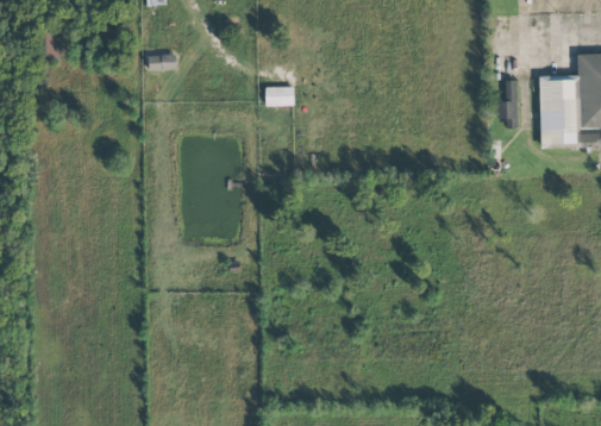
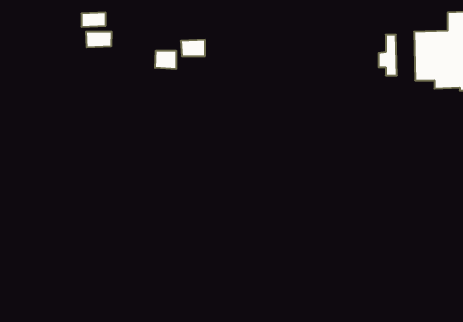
building: none -> [86,32,112,47]
building: none -> [155,51,176,69]

